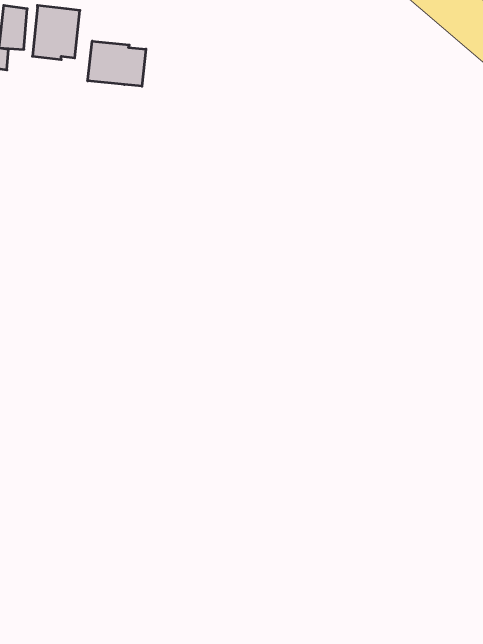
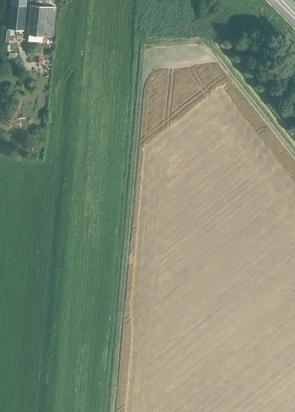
building: [88,41,146,86] -> none

